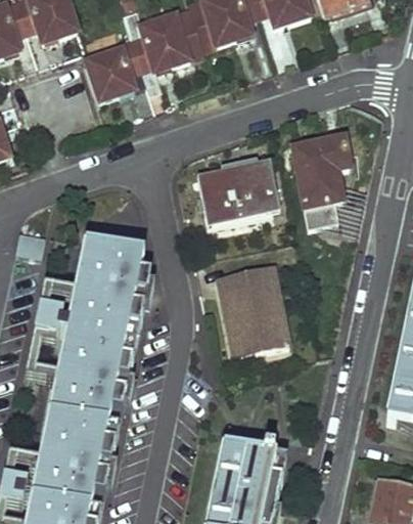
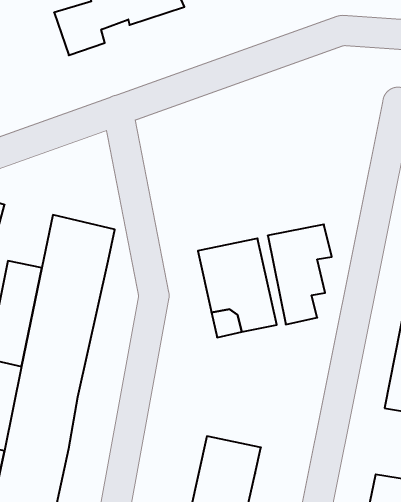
building: [292,137,351,228] -> [268,224,332,324]
building: [200,161,275,224] -> none

